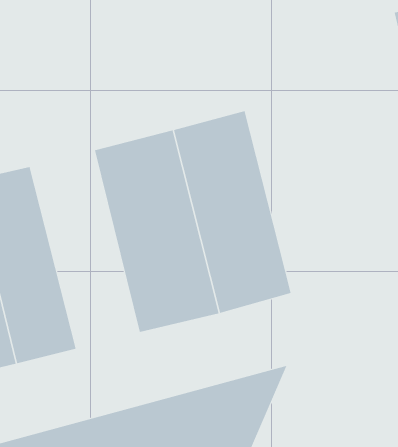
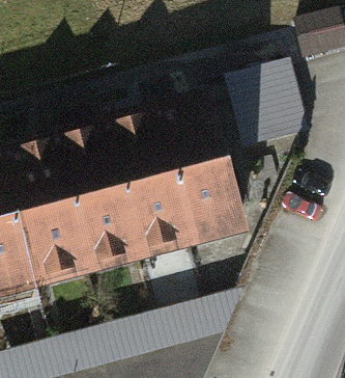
building: none -> [224,63,307,144]
building: none -> [41,124,124,275]

